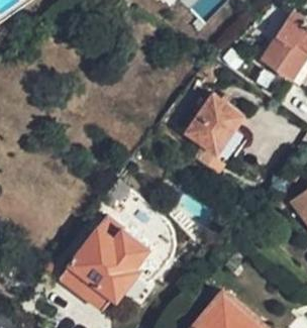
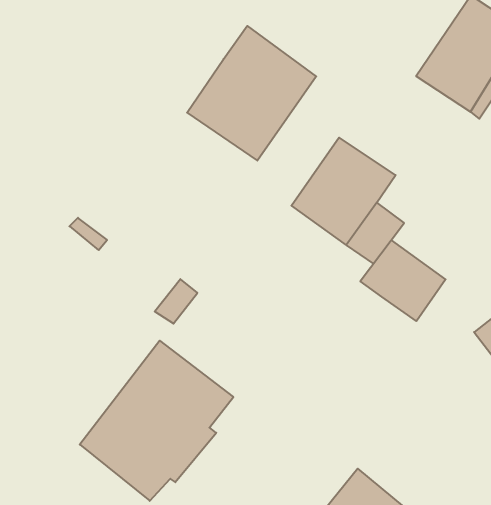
building: none -> [187,26,316,161]
building: none -> [360,240,446,321]

